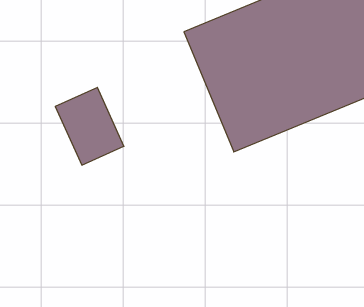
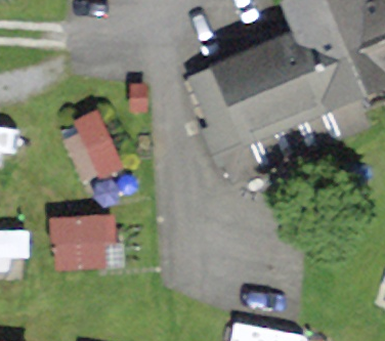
building: none -> [51,213,110,270]

